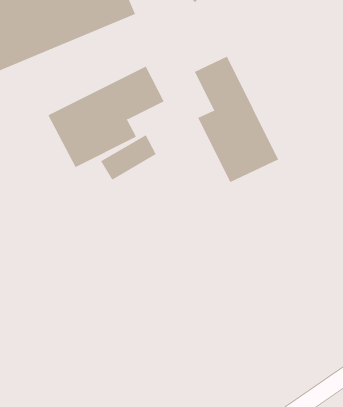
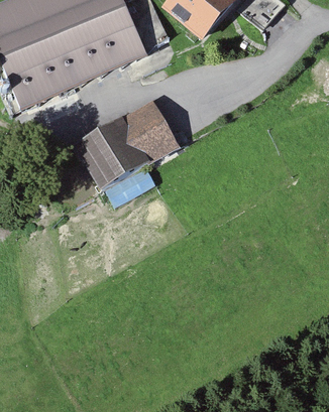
building: [194,56,279,183] -> none

